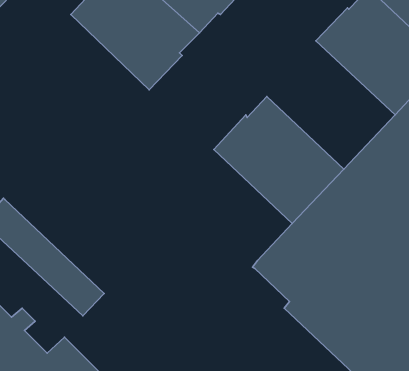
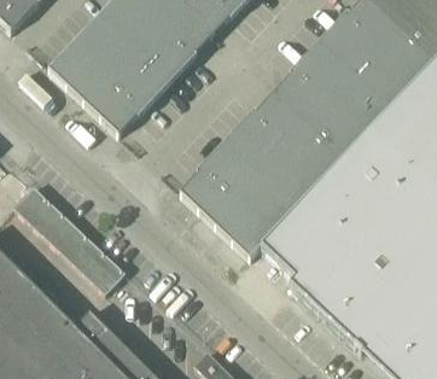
building: none -> [48,17,167,133]
building: none -> [274,41,391,158]
building: none -> [180,140,297,257]

